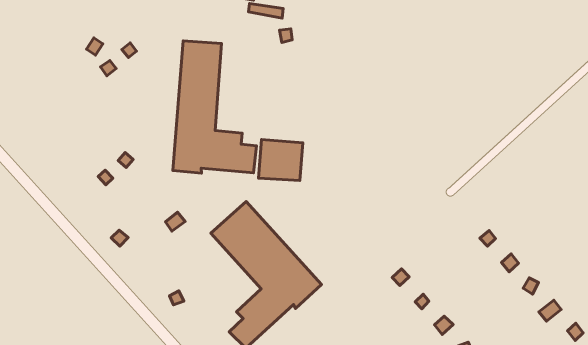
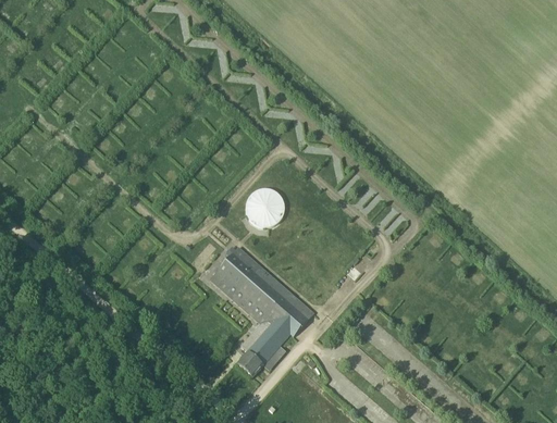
building: [173,41,257,173] -> none

